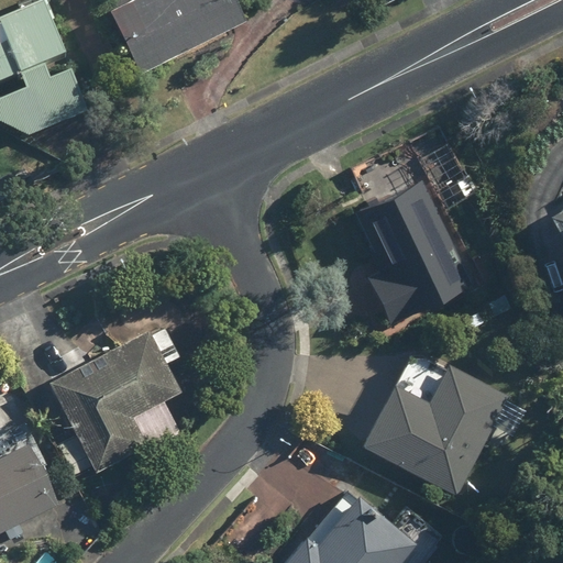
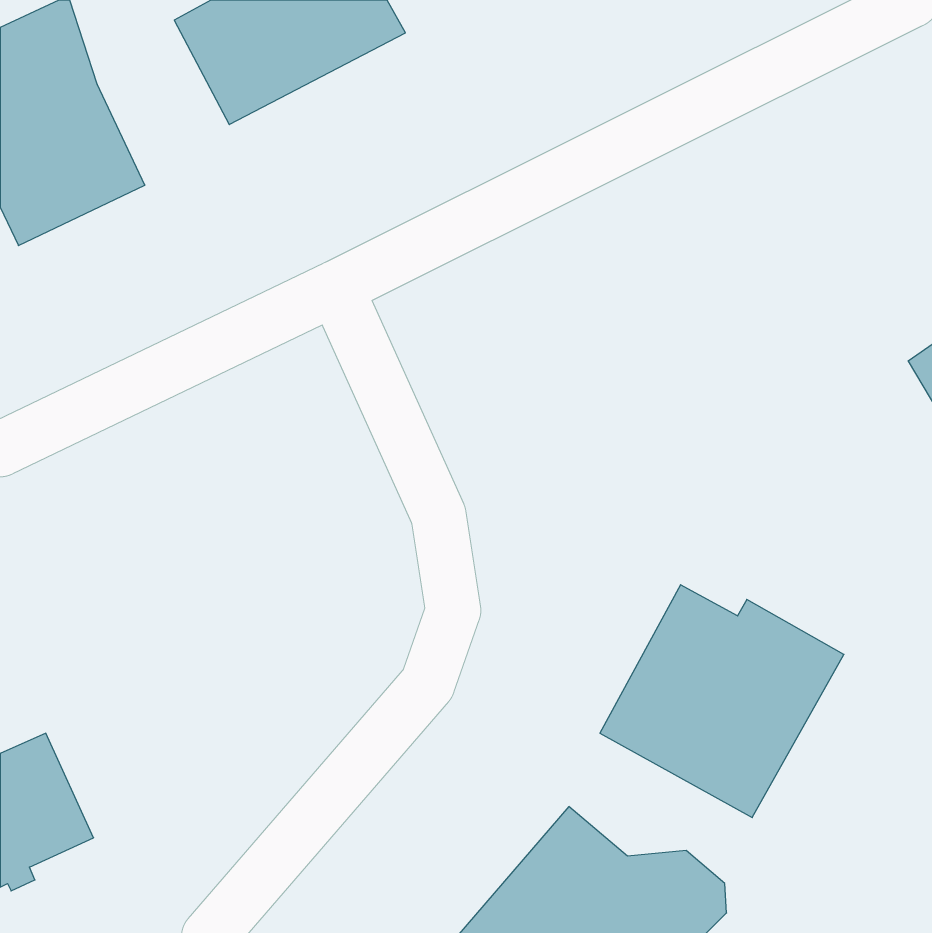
building: [353,179,470,325] -> none
building: [44,323,181,476] -> none

